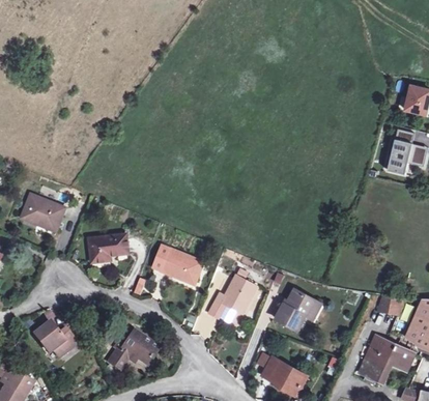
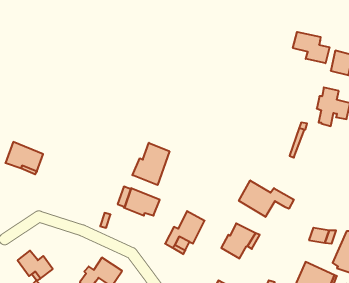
building: none -> [293,32,330,63]
building: none -> [132,143,169,185]
building: [87,234,128,263] -> none
building: none -> [239,180,294,217]

